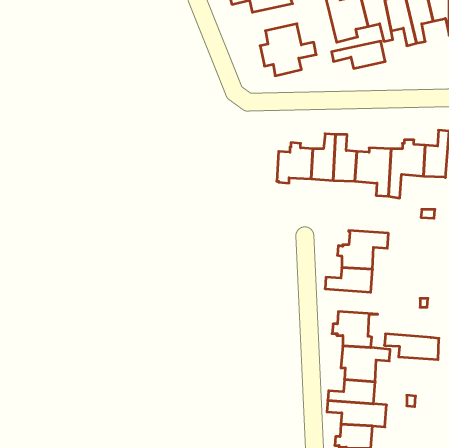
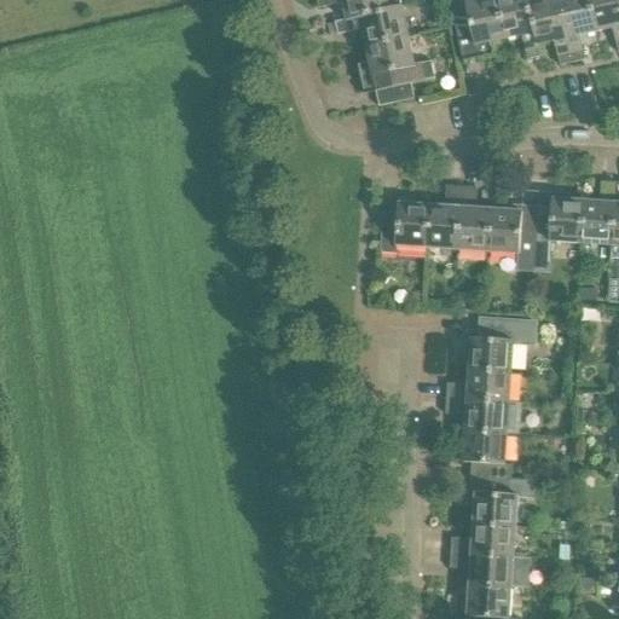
building: [332,41,385,68] -> [335,5,409,42]
building: [384,334,439,360] -> [446,397,521,432]

